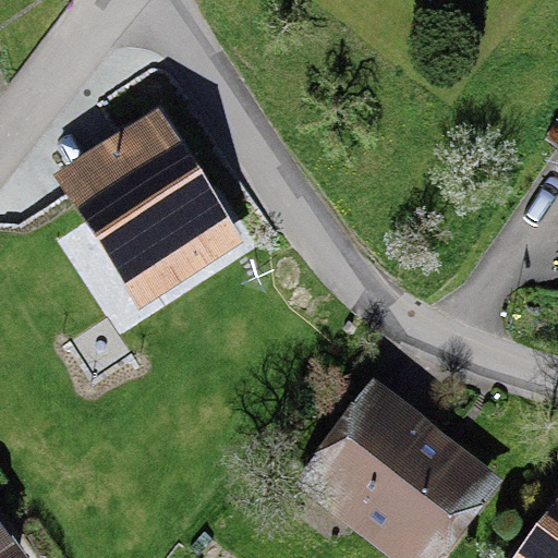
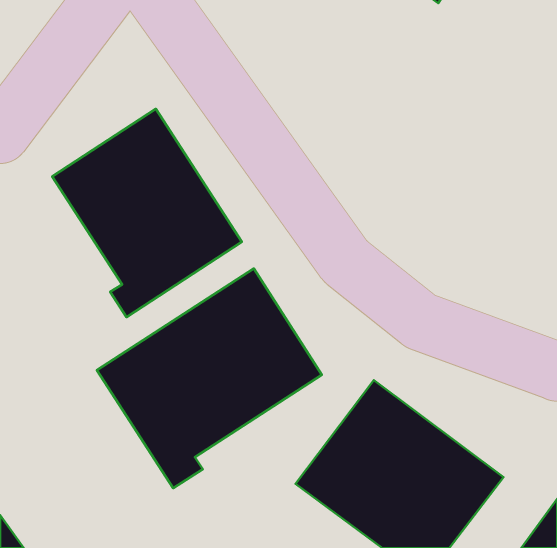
building: none -> [97,269,322,488]

